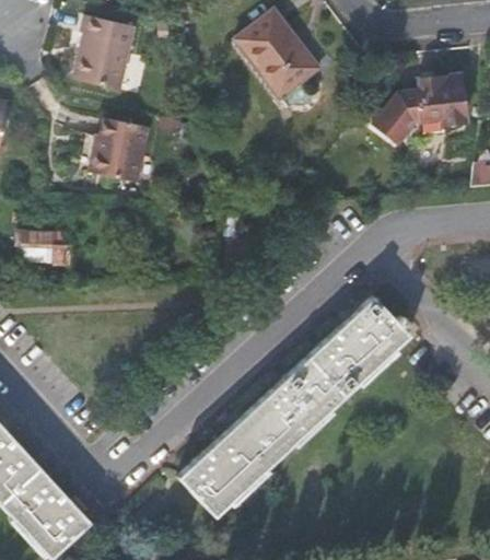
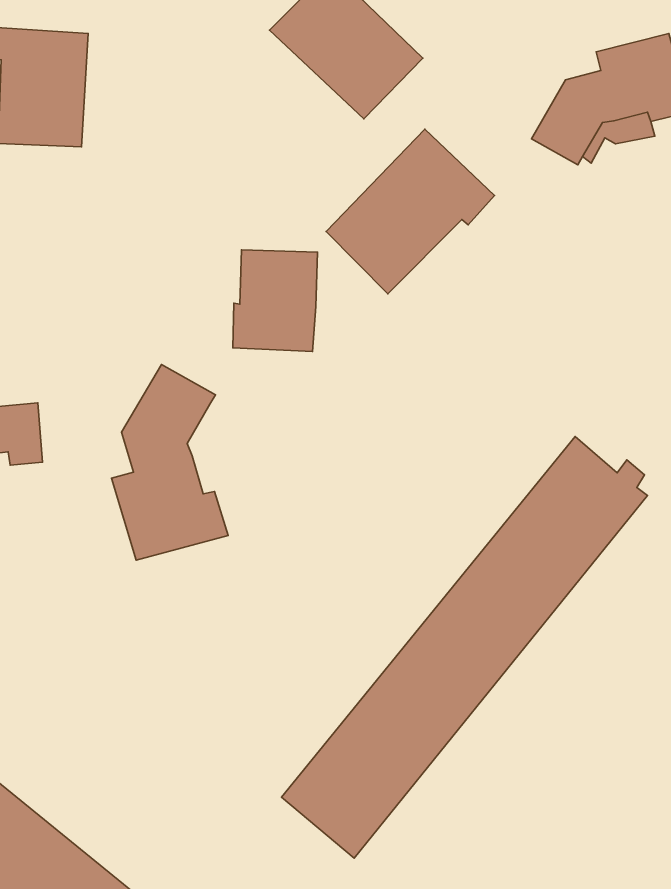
building: none -> [326,129,495,294]
building: [93,118,149,182] -> [233,250,317,352]
building: none -> [112,365,228,560]

